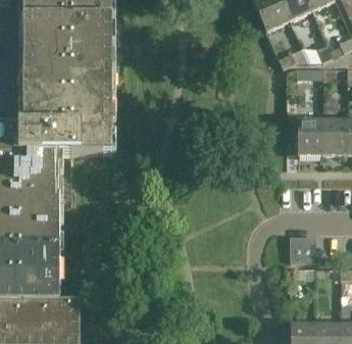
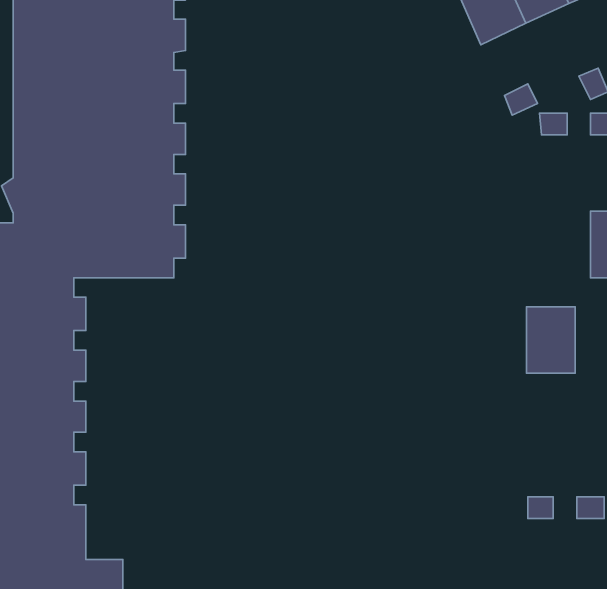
building: [297,118,322,153] -> [526,307,575,373]
building: [289,236,314,261] -> none

